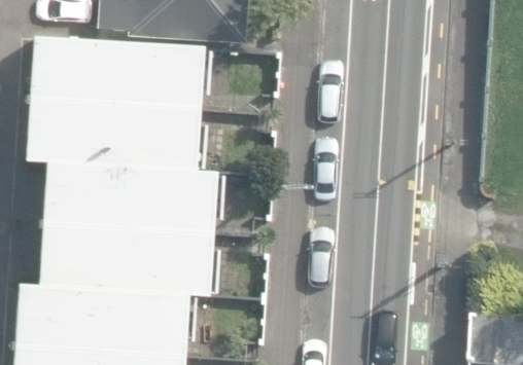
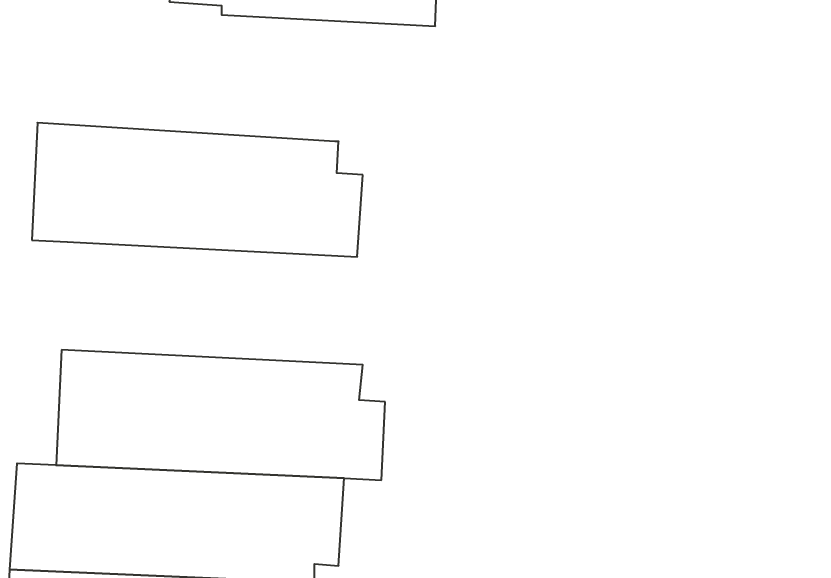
building: [28,39,214,106] -> none
building: [41,161,225,229] -> none

